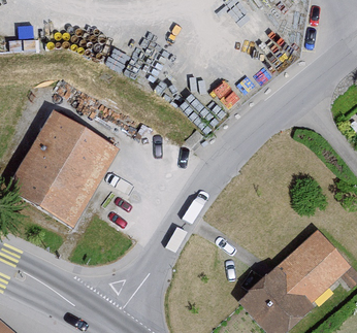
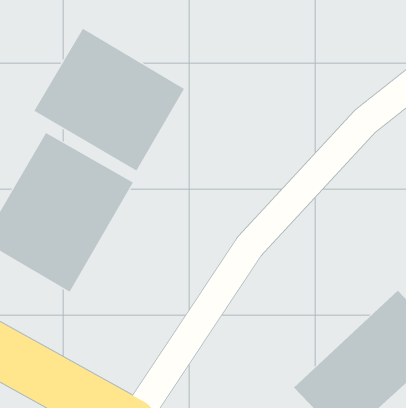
building: none -> [34,28,185,171]

